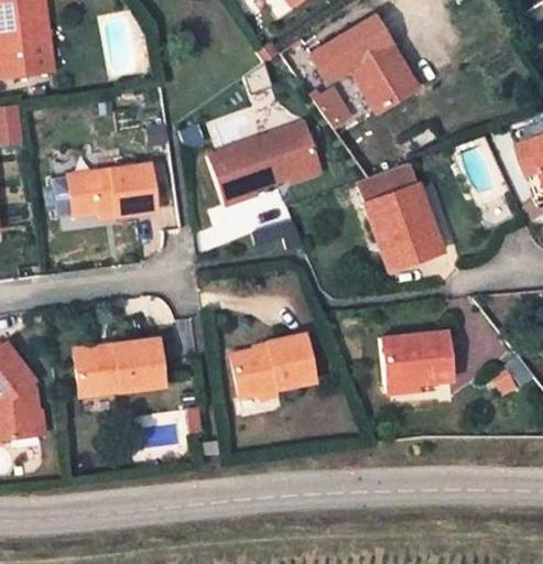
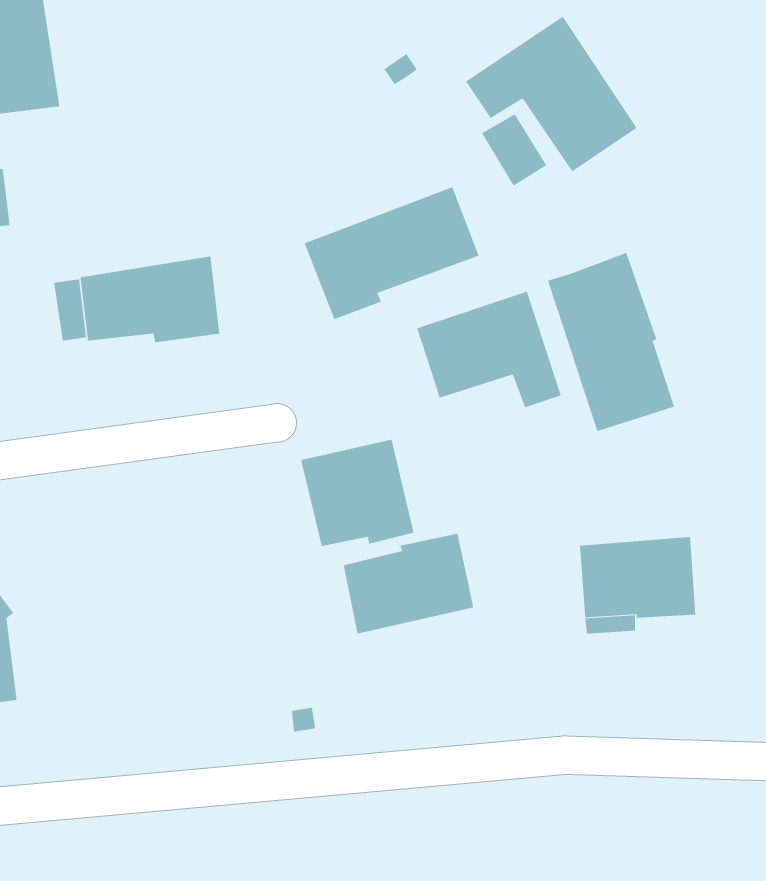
building: none -> [416,291,562,408]
building: none -> [301,439,414,547]
building: [74,341,160,399] -> none

